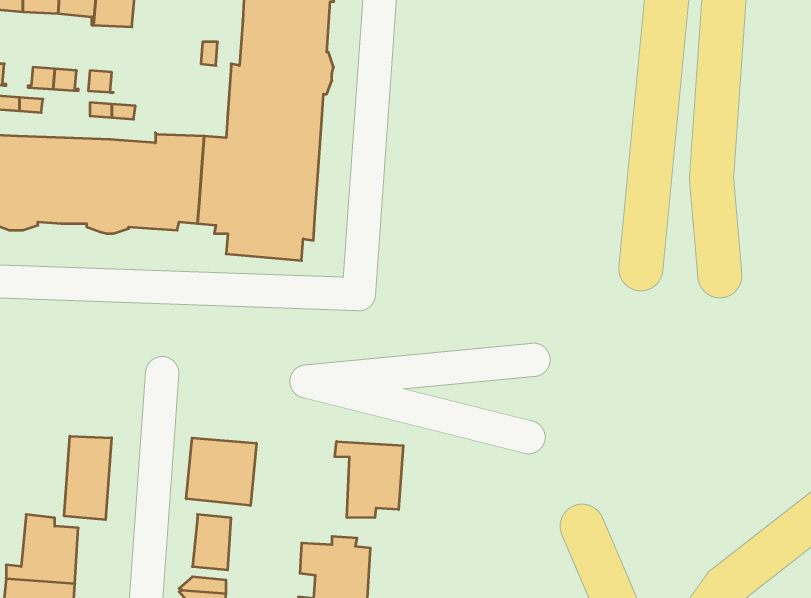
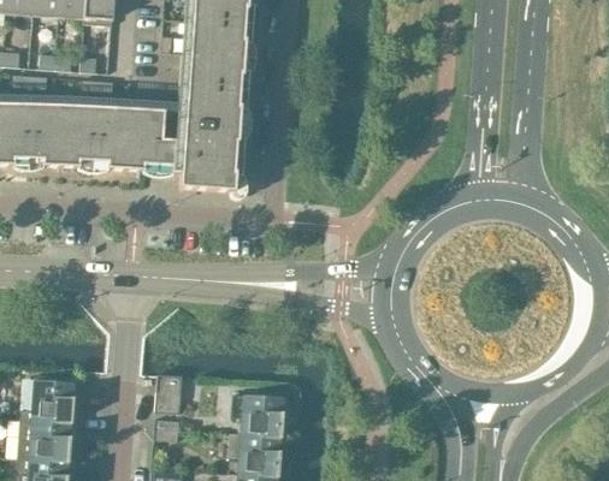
building: [64,436,112,520] -> none
building: [186,438,256,506] -> none
building: [335,441,403,518] -> none

